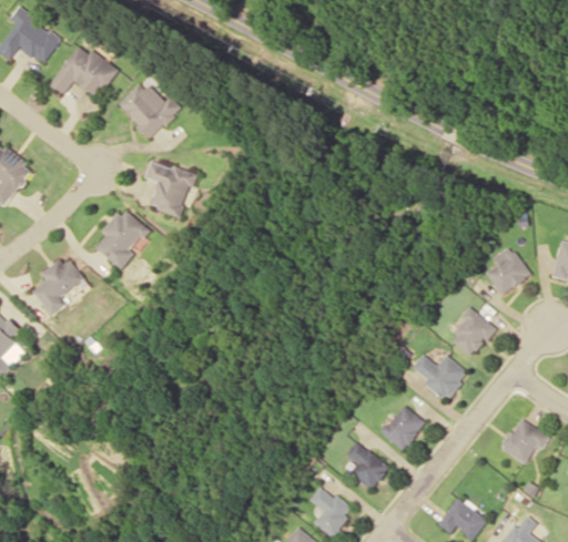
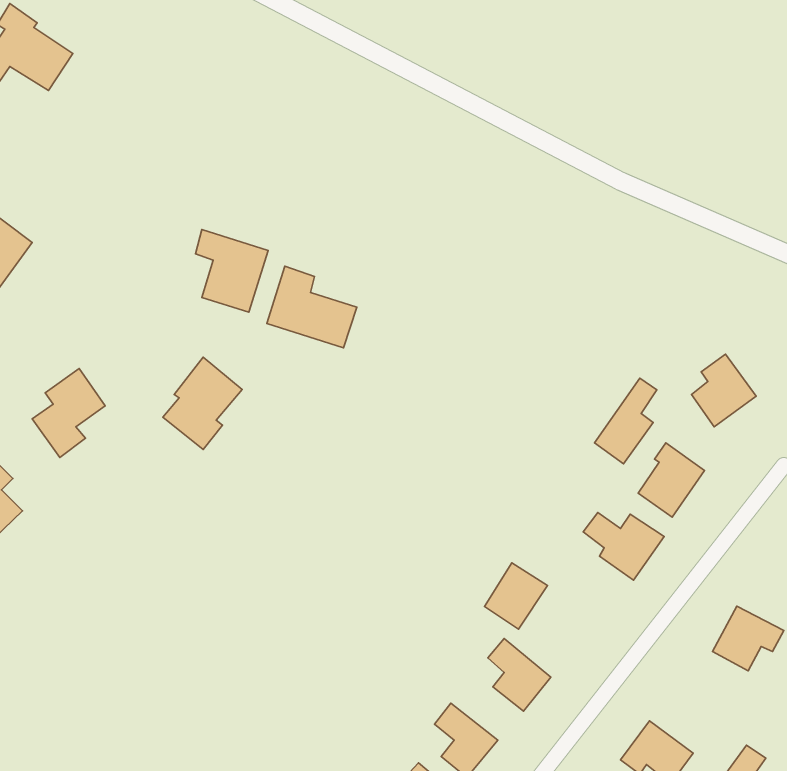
building: [50,45,119,98] -> none
building: [116,81,182,140] -> none
building: none -> [267,266,357,348]
building: [95,207,150,270] -> [163,357,242,449]
building: none -> [595,378,657,464]
building: [382,405,425,450] -> [484,563,547,629]

